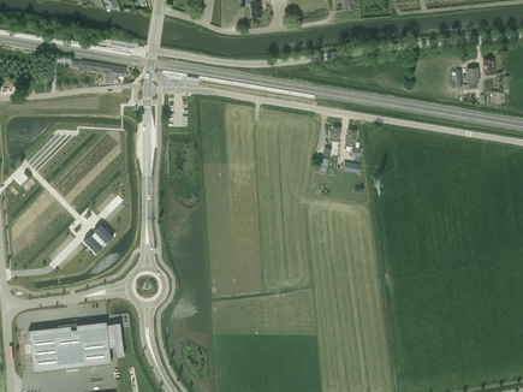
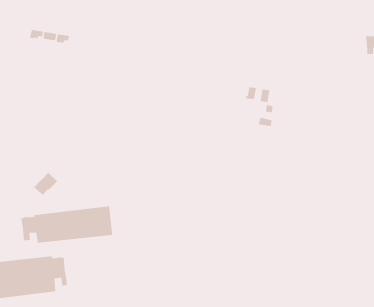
building: none -> [21,205,113,244]

